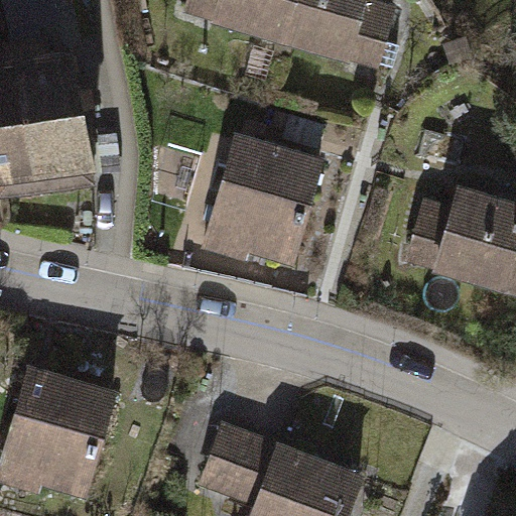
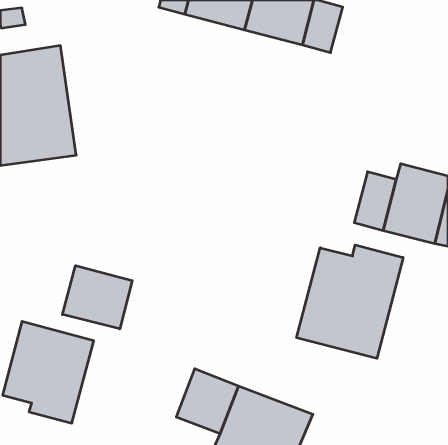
building: [213,138,316,258] -> none
building: none -> [297,245,403,358]
building: none -> [62,266,132,329]

